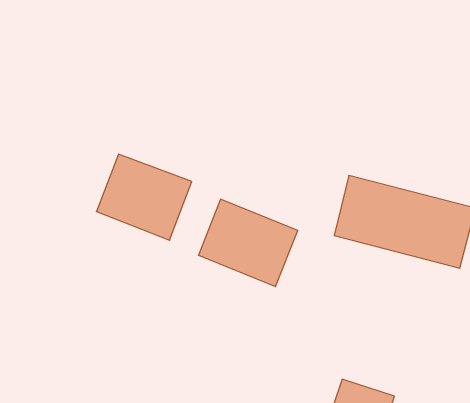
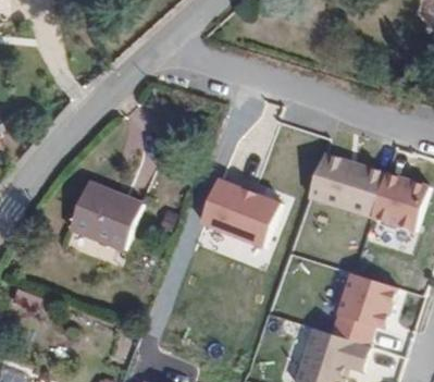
building: [96,154,192,240] -> [62,182,141,254]
building: none -> [344,269,405,334]

